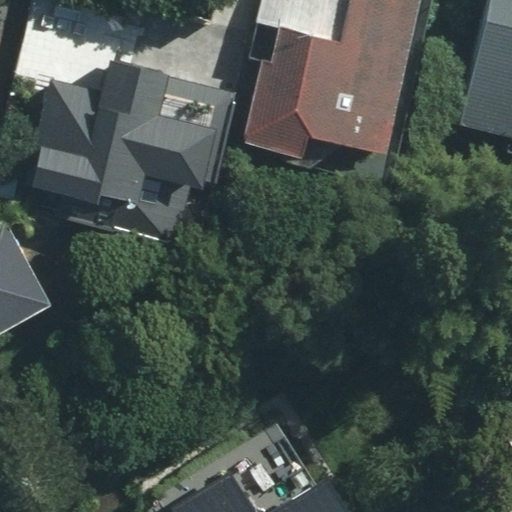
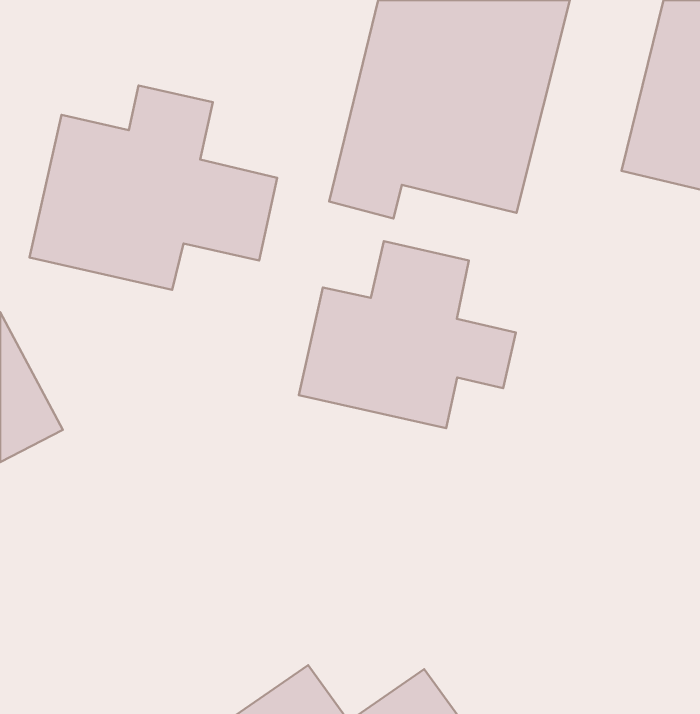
building: none -> [299,241,516,428]

